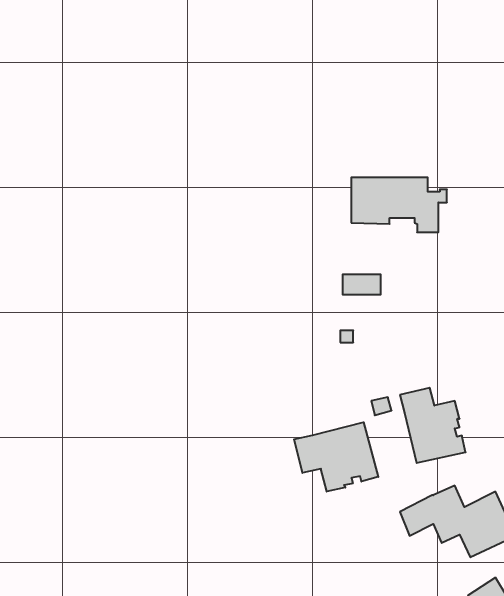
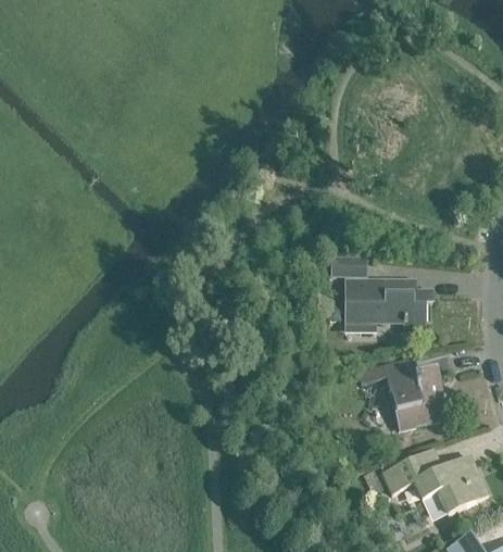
building: [351,177,447,232] -> [344,280,431,330]
building: [294,422,378,492] -> none

